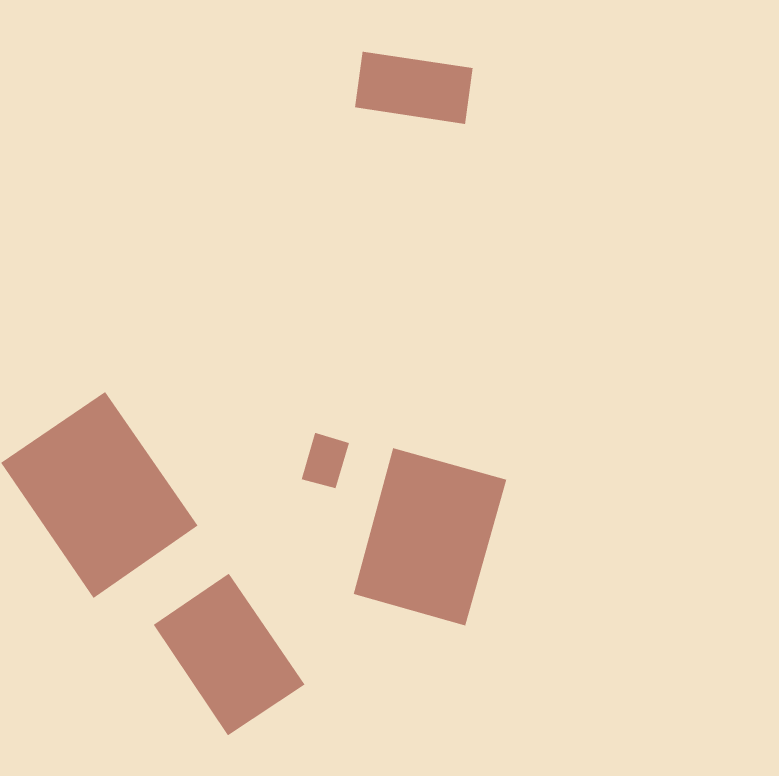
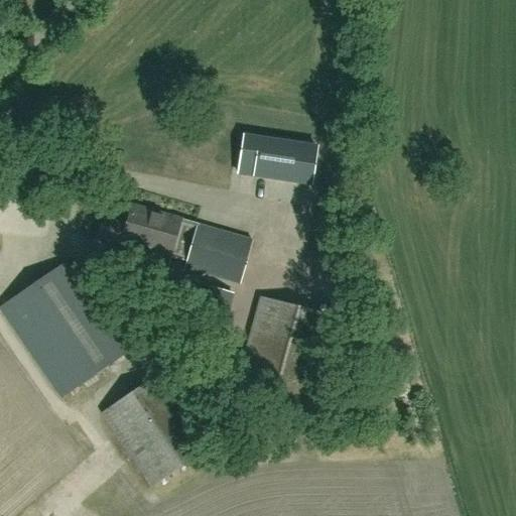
building: [354,51,473,124] -> [237,134,315,182]
building: none -> [97,205,251,282]

